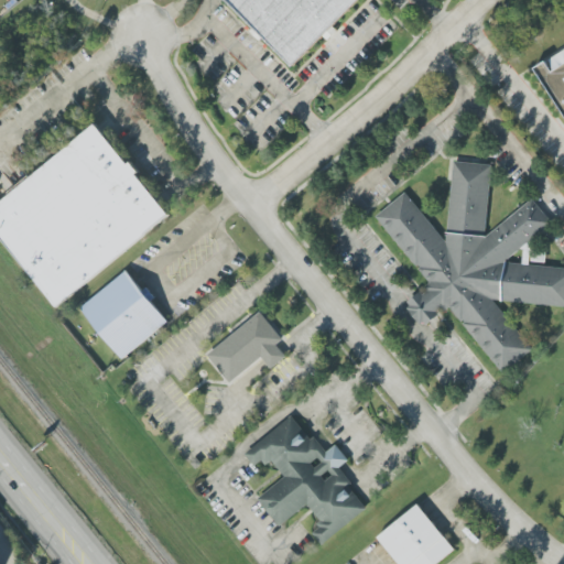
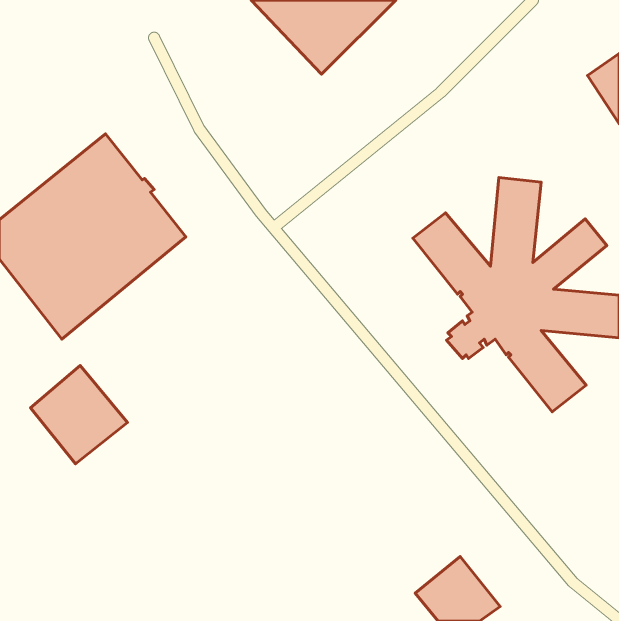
building: [79,270,167,359] -> [31,365,128,464]
building: [206,312,285,383] -> none
building: [245,415,366,545] -> none

